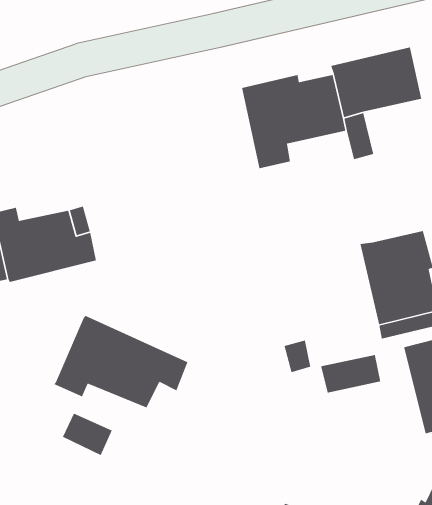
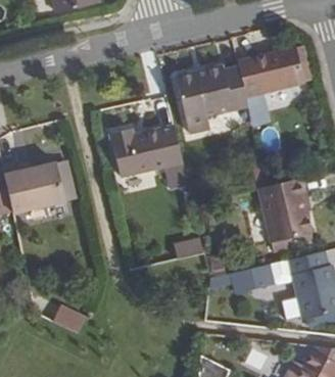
building: none -> [109,125,188,189]
building: [53,315,188,409] -> none

